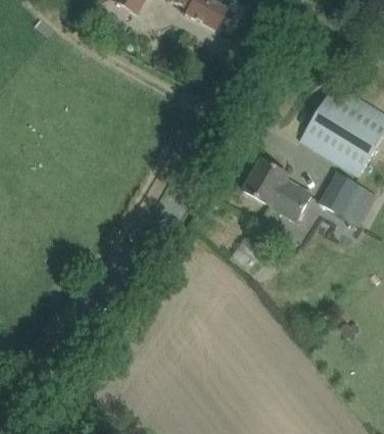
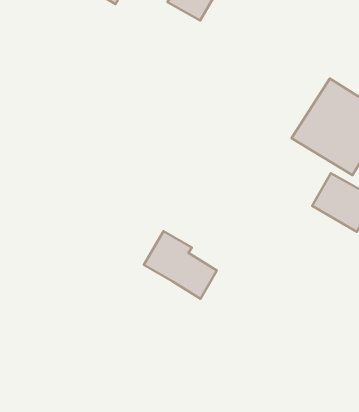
building: [243,158,311,222] -> [144,231,217,299]

